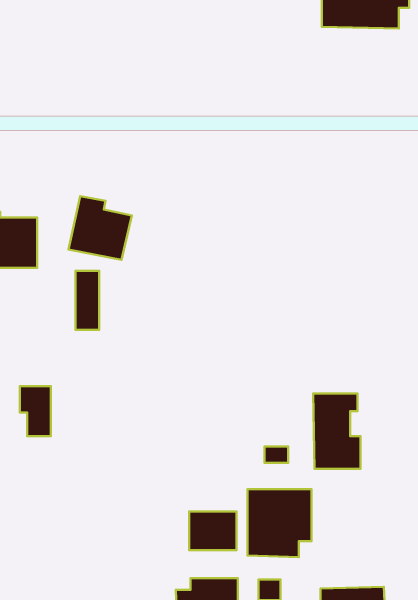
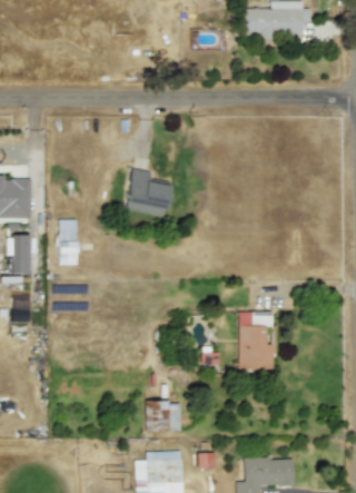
building: [69,196,132,260] -> [125,169,172,217]
building: [20,386,51,436] -> [8,236,31,274]
building: [247,489,311,557] -> none

